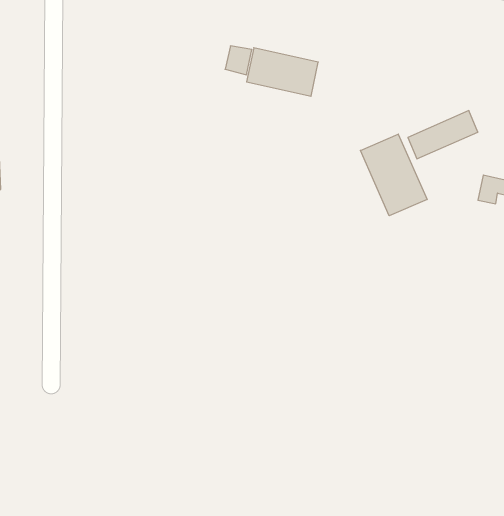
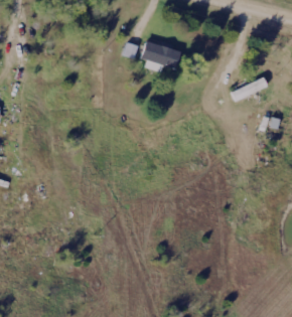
building: [360,134,427,216] -> none

